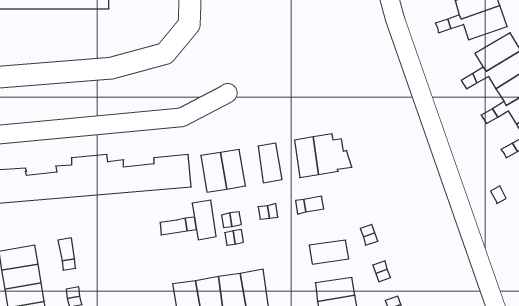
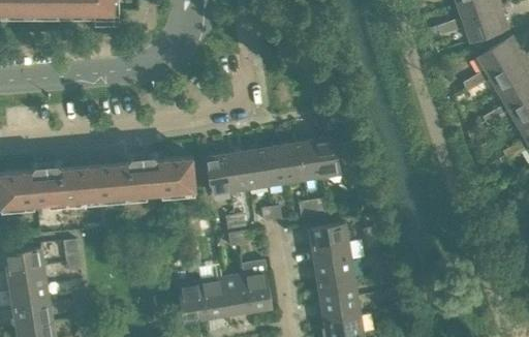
building: none -> [279,144,303,183]
building: [192,200,216,240] -> [243,150,267,189]
building: none -> [309,223,348,248]
building: none -> [315,262,354,285]

